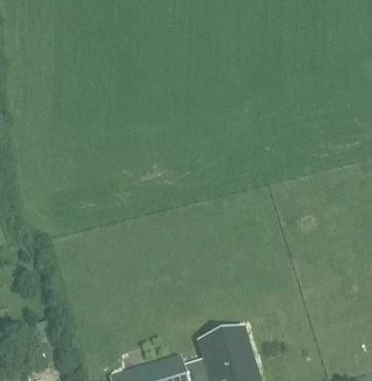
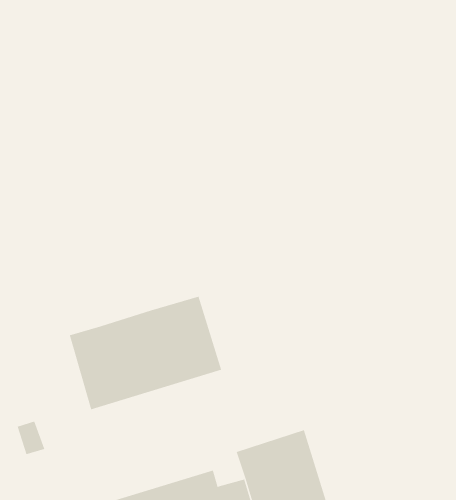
building: none -> [69,296,222,410]

